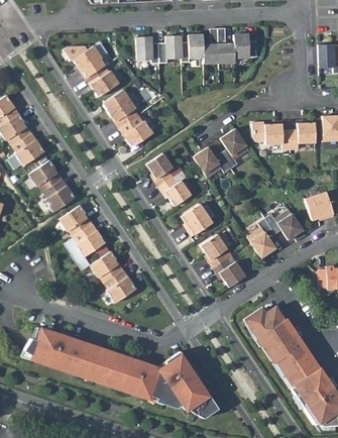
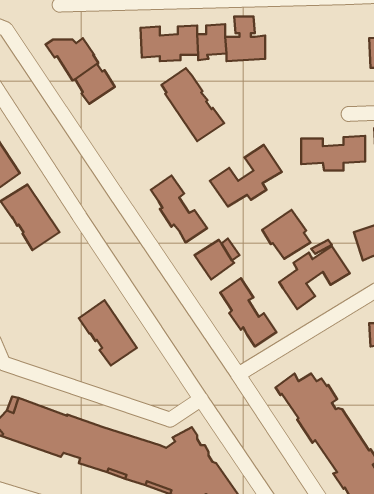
building: [235,34,258,58] -> none
building: [103,90,152,147] -> [161,68,224,141]
building: none -> [262,210,310,259]
building: [59,205,105,256] -> none

